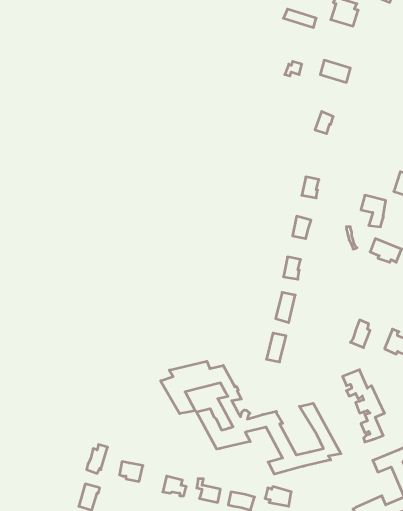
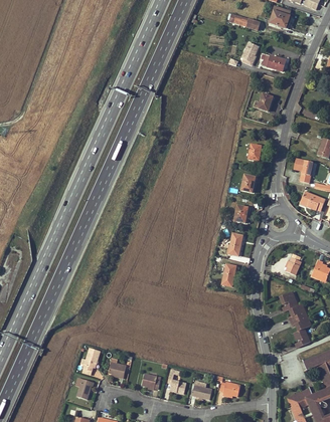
building: [161,361,341,474] -> none

